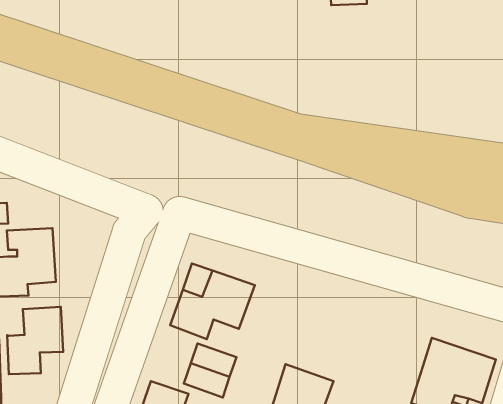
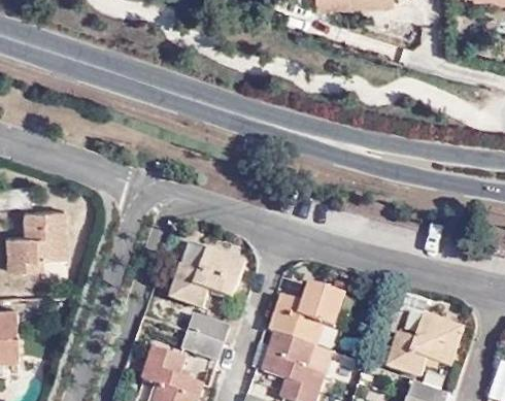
building: [7,307,63,374] -> none
building: none -> [269,285,346,347]

